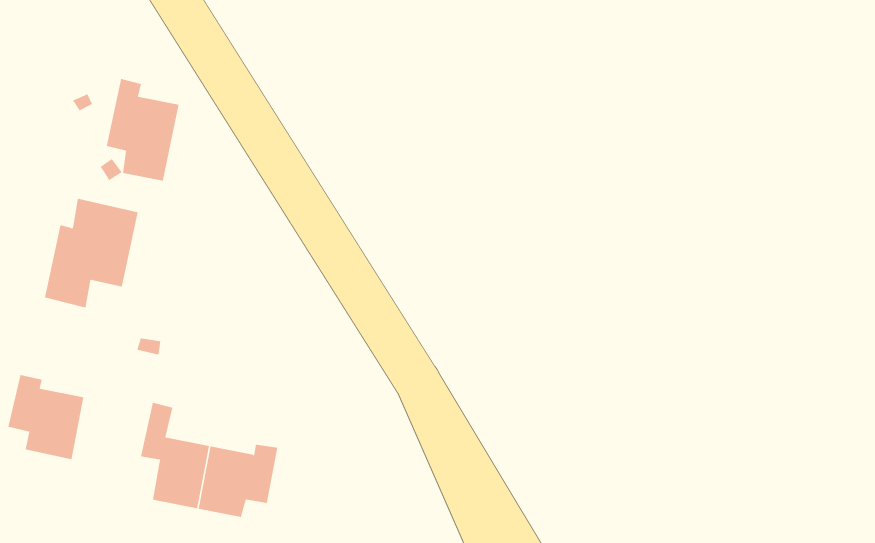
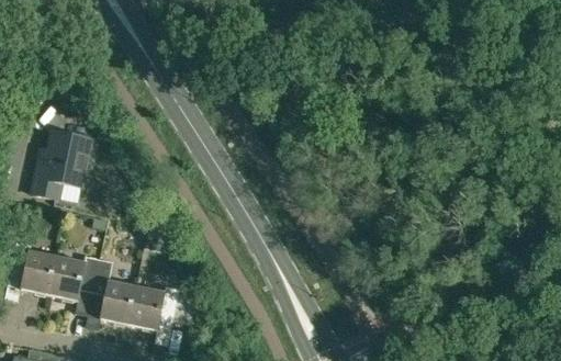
building: [106,78,179,181] -> none
building: none -> [49,256,100,301]

